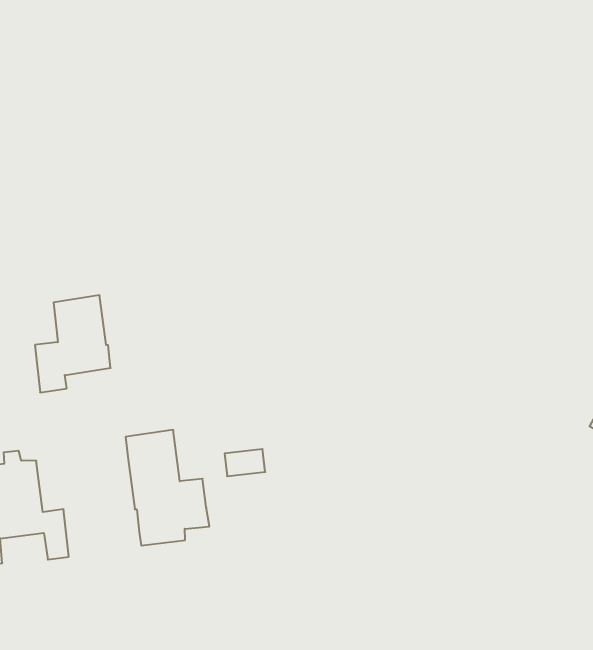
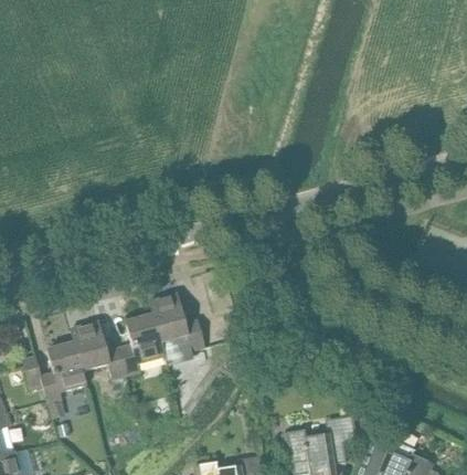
building: [35,295,111,392] -> [118,314,164,376]

